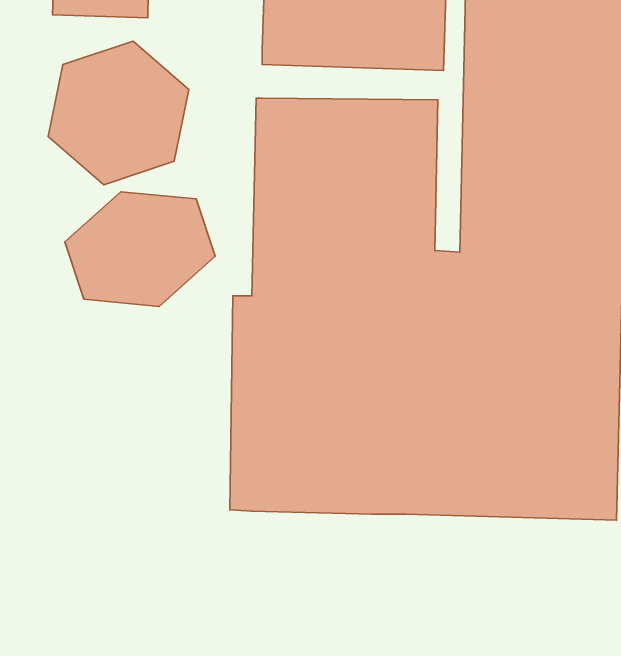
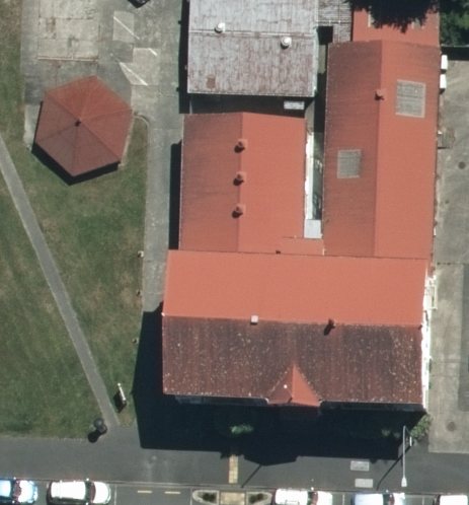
building: [65,192,215,306] -> none

